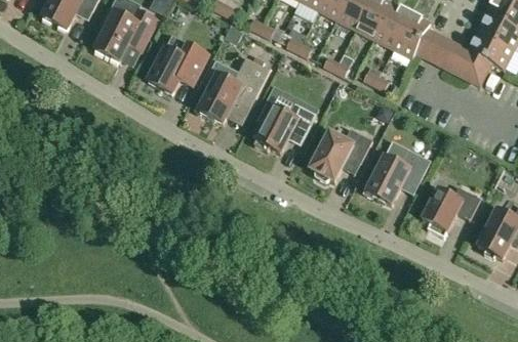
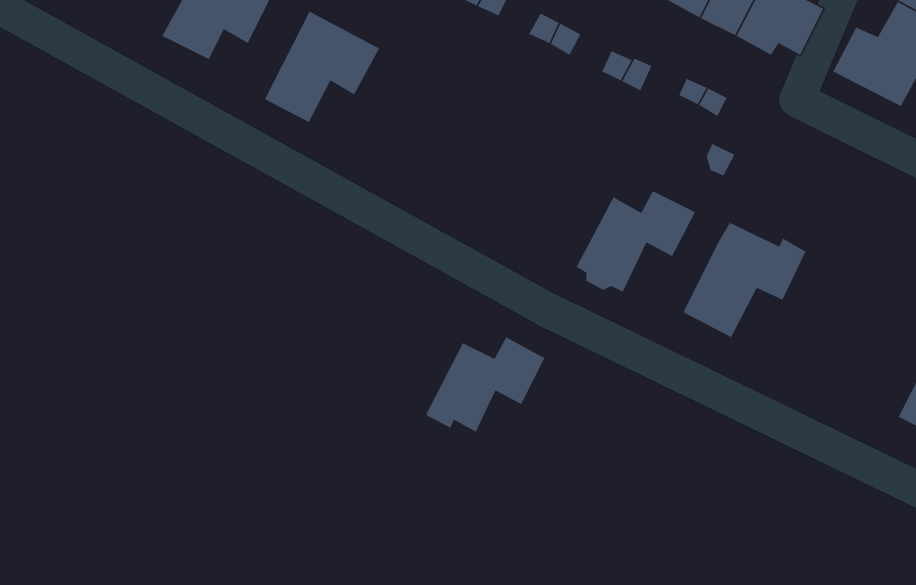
building: [198,56,270,123] -> none
building: [253,103,316,154] -> [425,336,545,433]
building: [421,187,480,238] -> none

